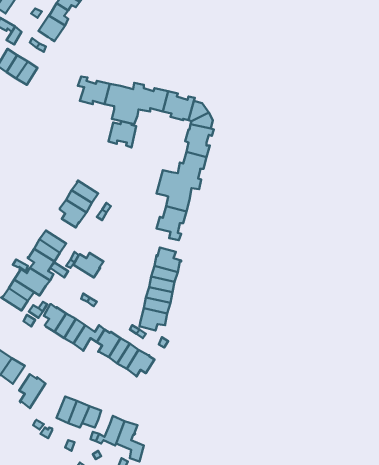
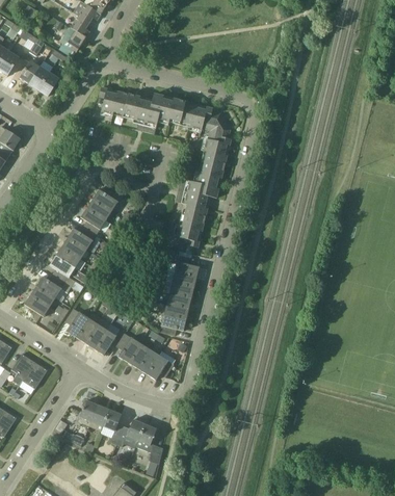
building: [109,121,136,147] -> none
building: [74,253,103,277] -> [68,226,97,250]
building: [19,374,46,408] -> none

